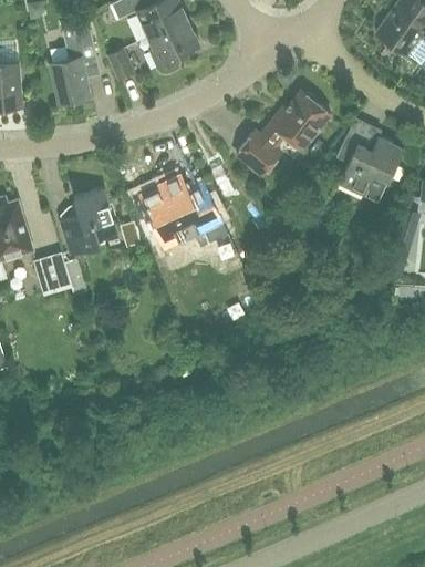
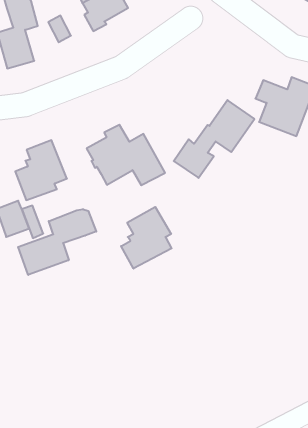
building: [236,90,330,175] -> [174,100,254,178]
building: none -> [18,209,96,275]
building: none -> [121,207,172,269]

